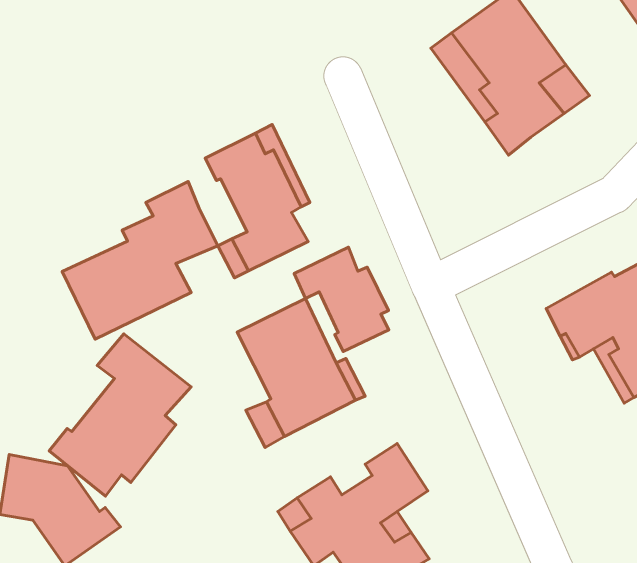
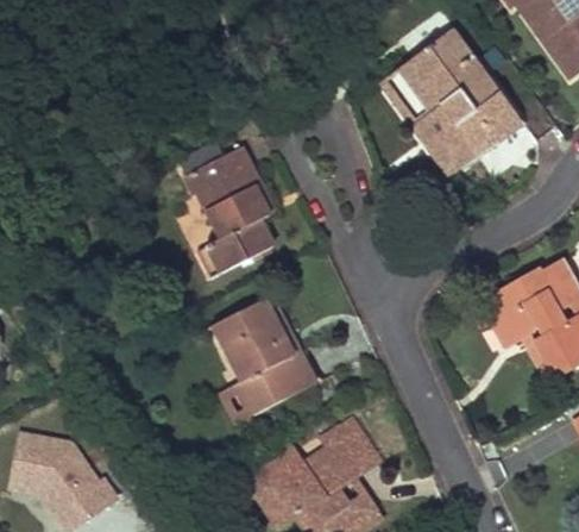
building: [62,181,218,339] -> none
building: [294,247,389,352] -> none
building: [49,334,191,496] -> none

